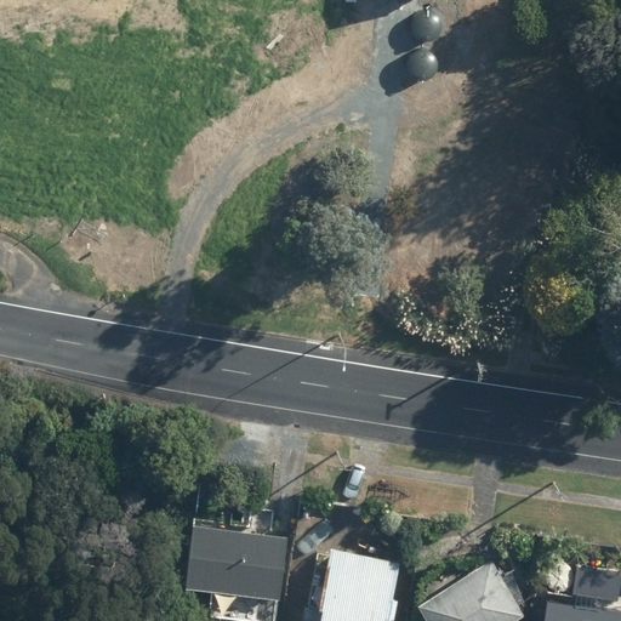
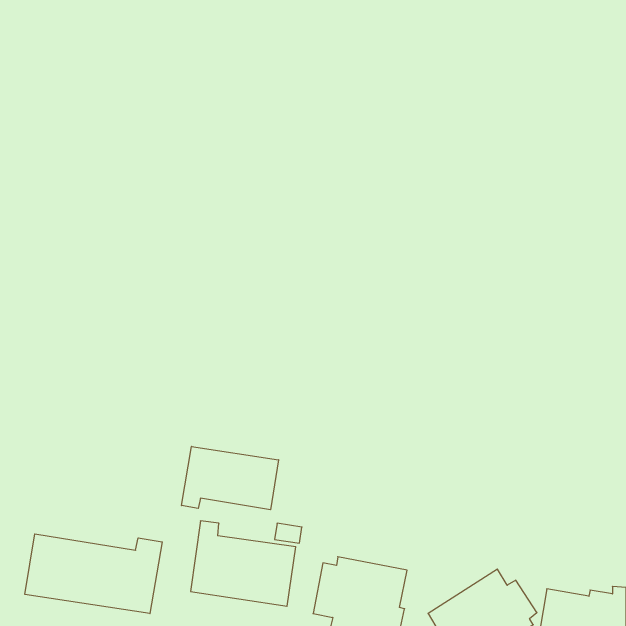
building: none -> [182,446,279,510]
building: none -> [25,534,162,614]

